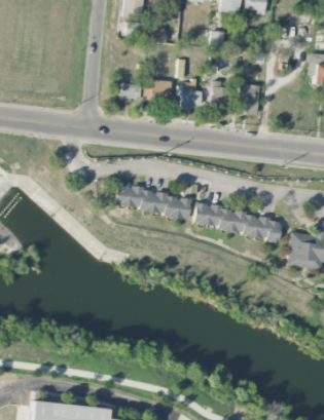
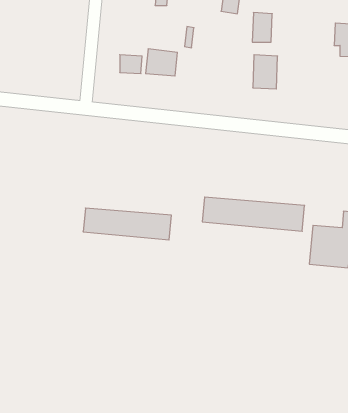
building: [178,81,202,107] -> none
building: [212,82,229,108] -> [252,13,272,42]
building: [114,188,191,216] -> [83,208,171,240]

